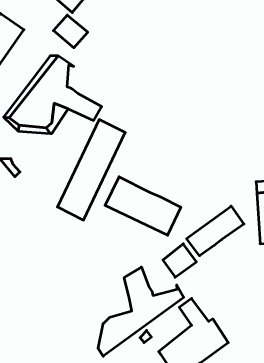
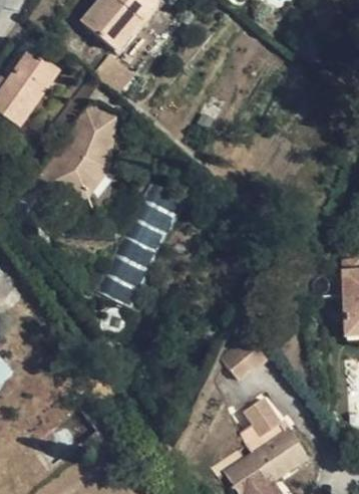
building: [105,177,181,235] -> none
building: [187,206,244,256] -> none
building: [98,267,184,356] -> none

